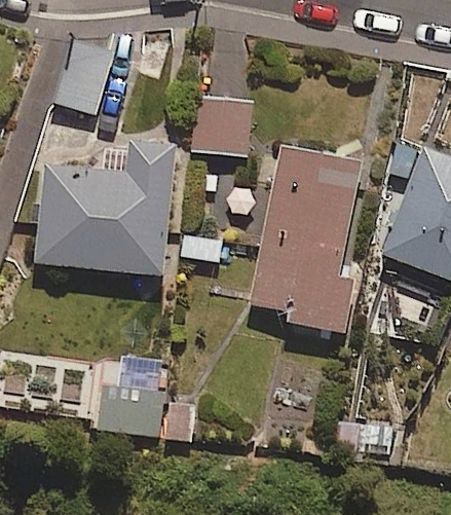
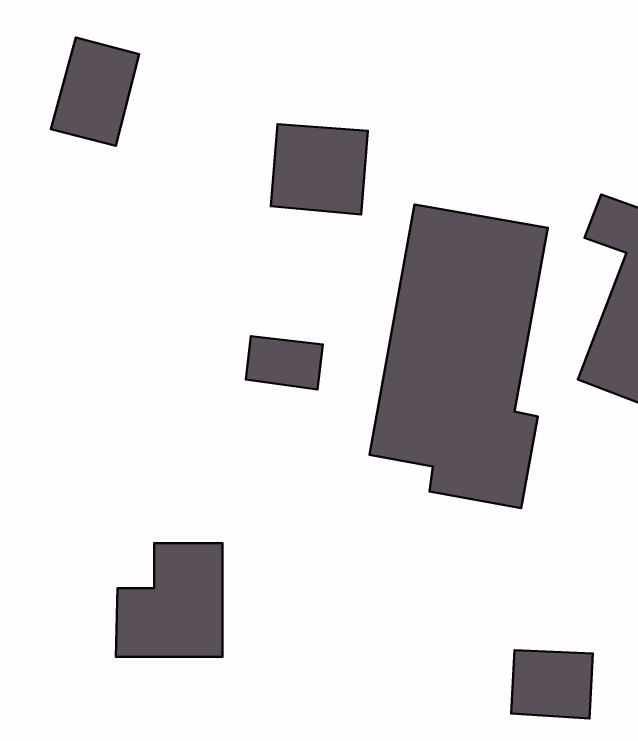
building: [37,141,175,274] -> none

